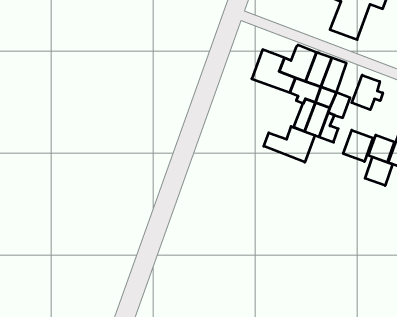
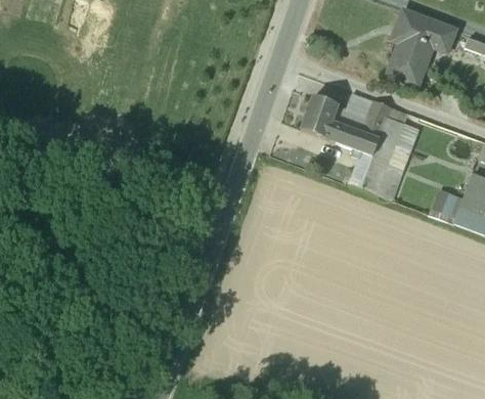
building: [352,75,383,110] -> none
building: [264,126,315,162] -> none
building: [343,130,373,162] -> none
building: [365,157,393,186] -> none

